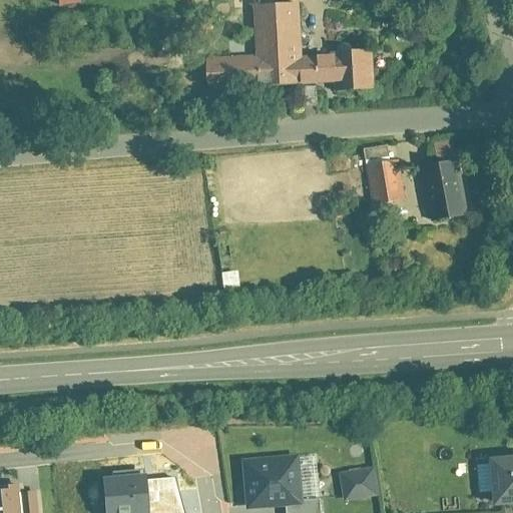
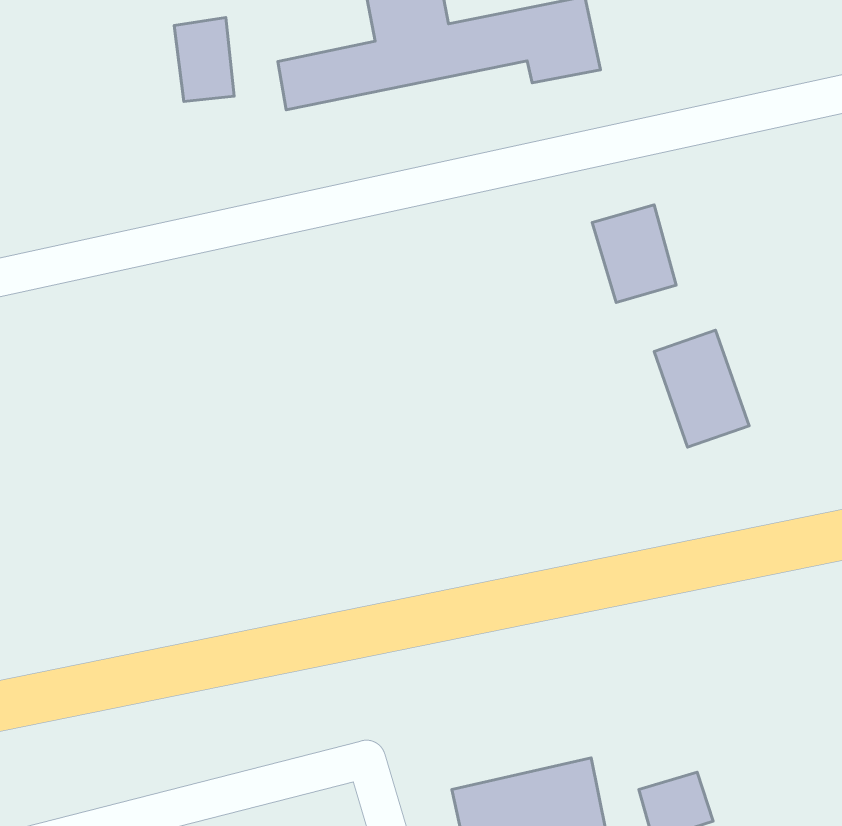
building: none -> [174,17,234,101]
building: [421,161,466,221] -> [654,330,749,447]

